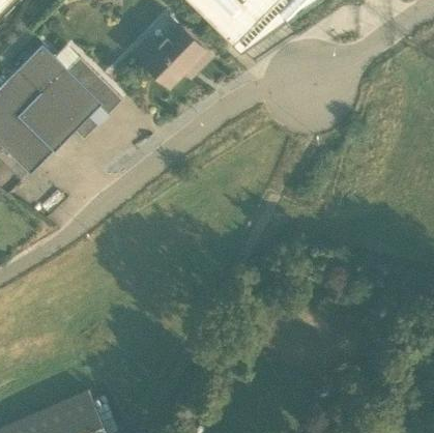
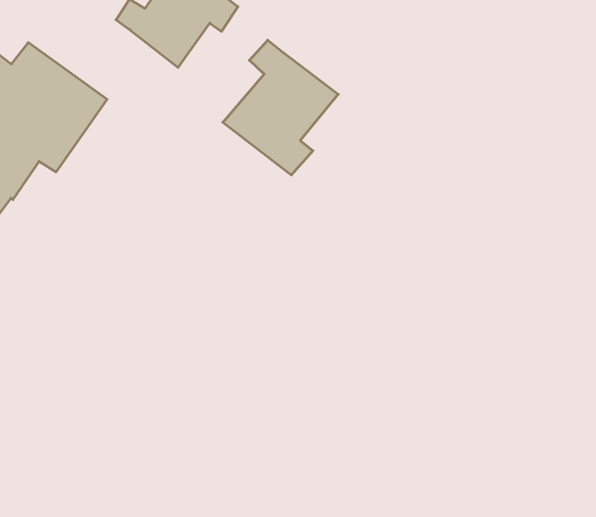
building: none -> [223,40,338,175]

